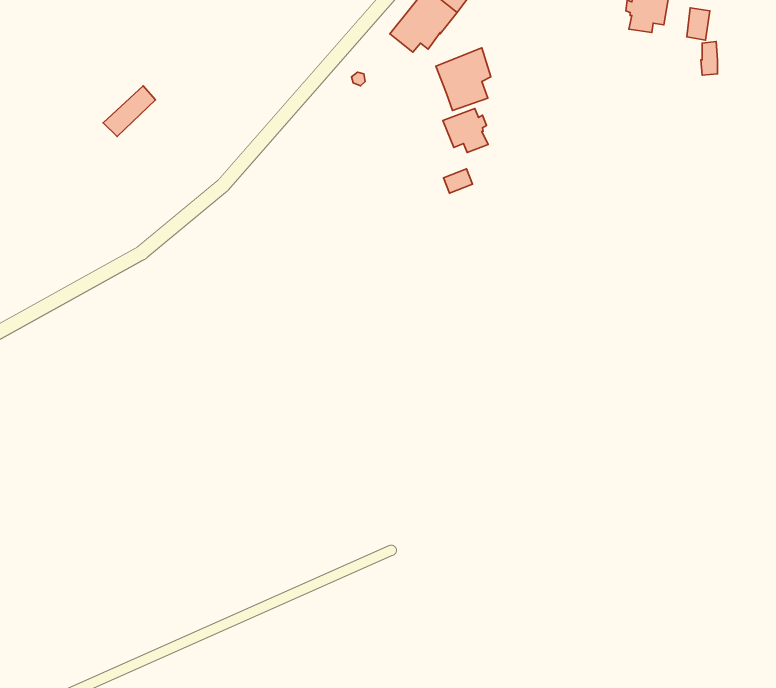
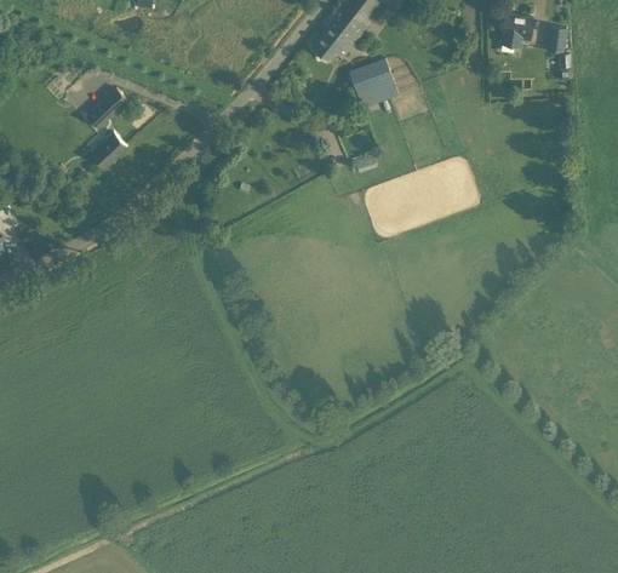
building: [443,109,488,153] -> none
building: none -> [88,132,125,167]

